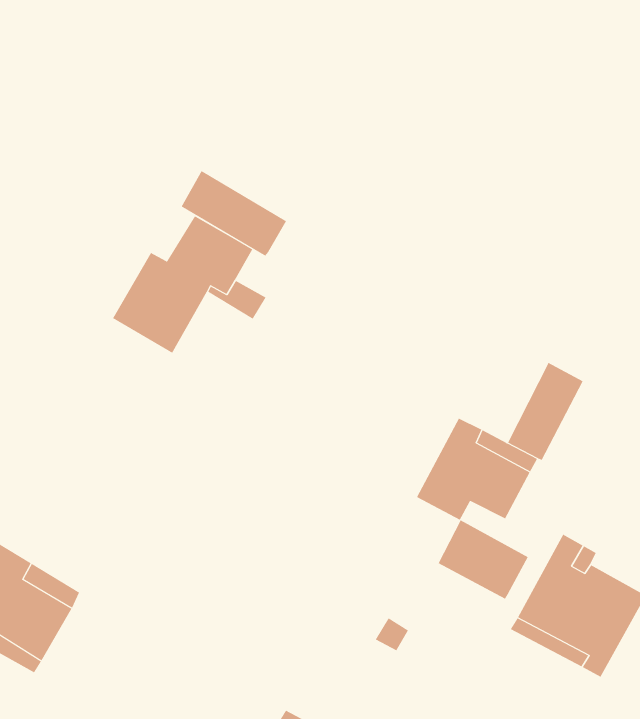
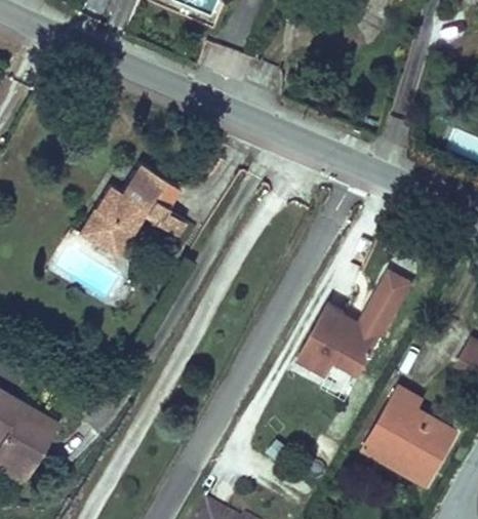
building: [181,170,287,256] -> none
building: [438,520,528,599] -> none

